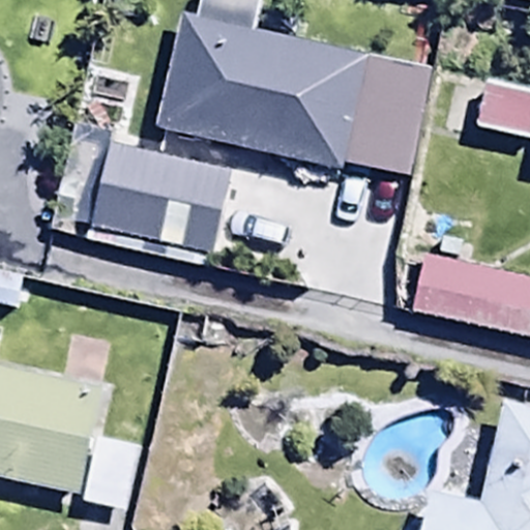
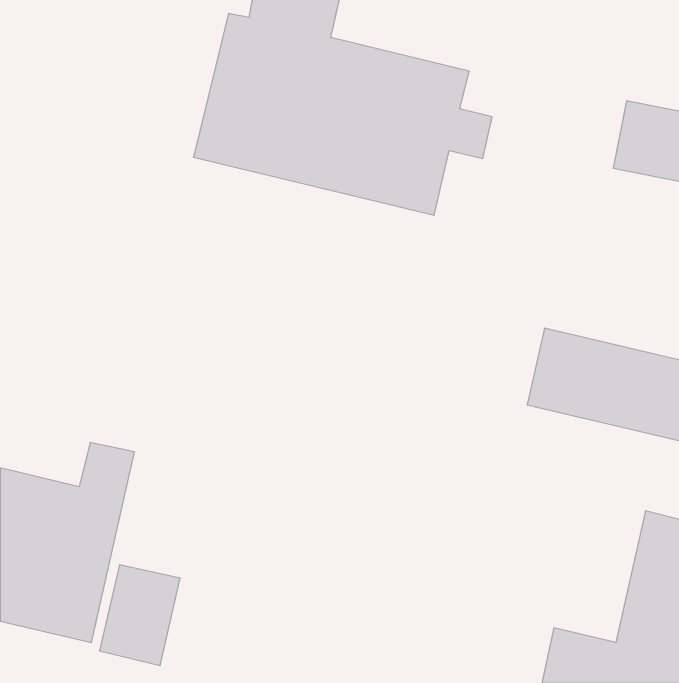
building: [89,138,234,271] -> none

